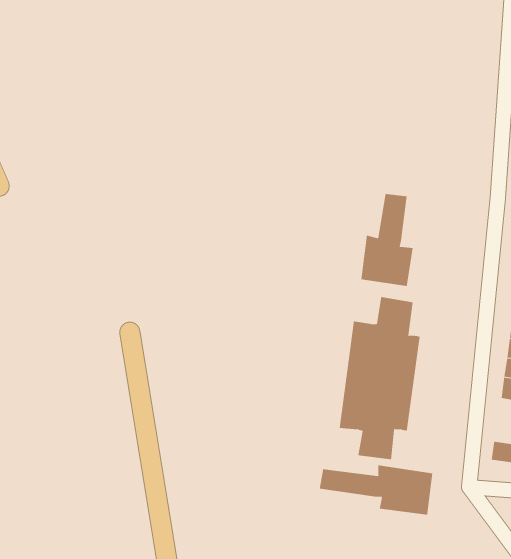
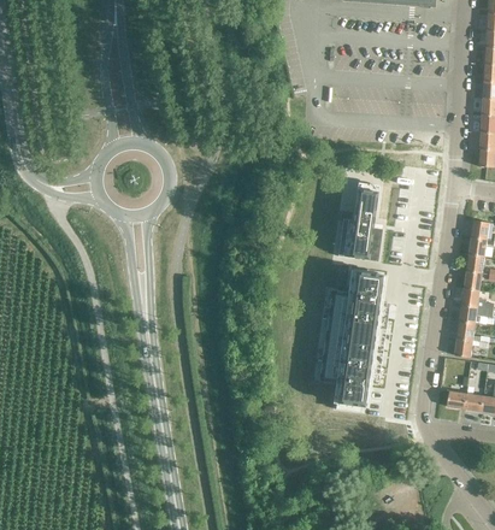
building: [319,465,433,516] -> none

